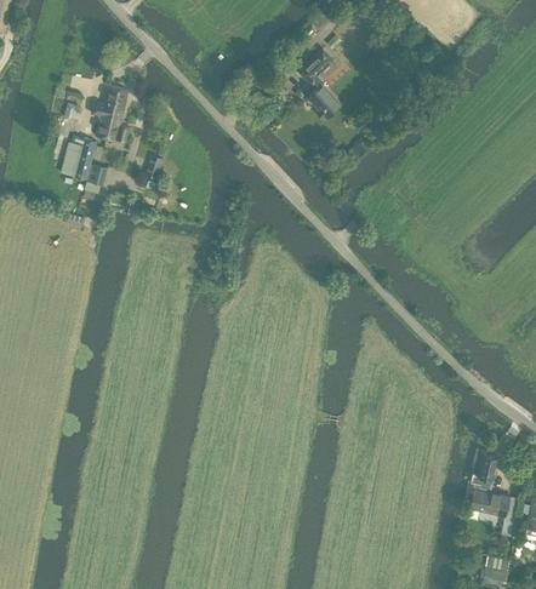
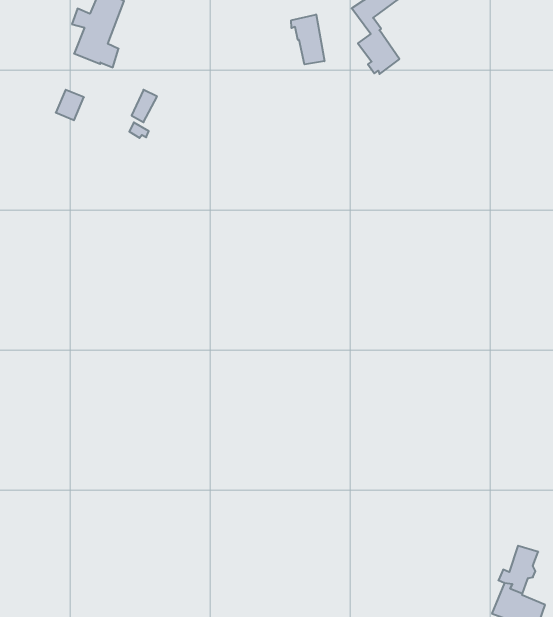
building: none -> [291,14,324,64]
building: [62,135,96,179] -> none

